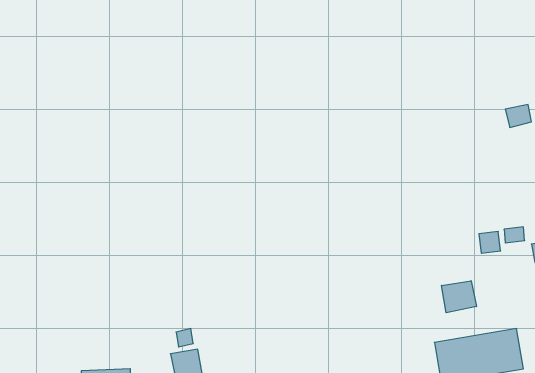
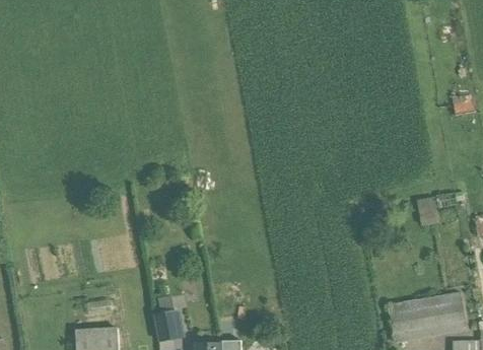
building: [442,281,476,313] -> none

